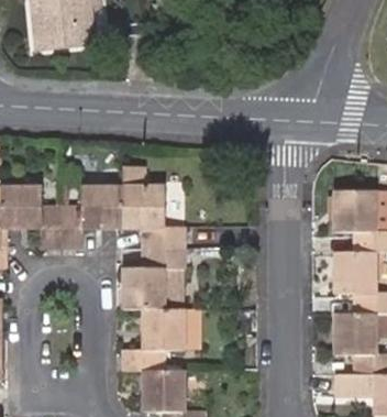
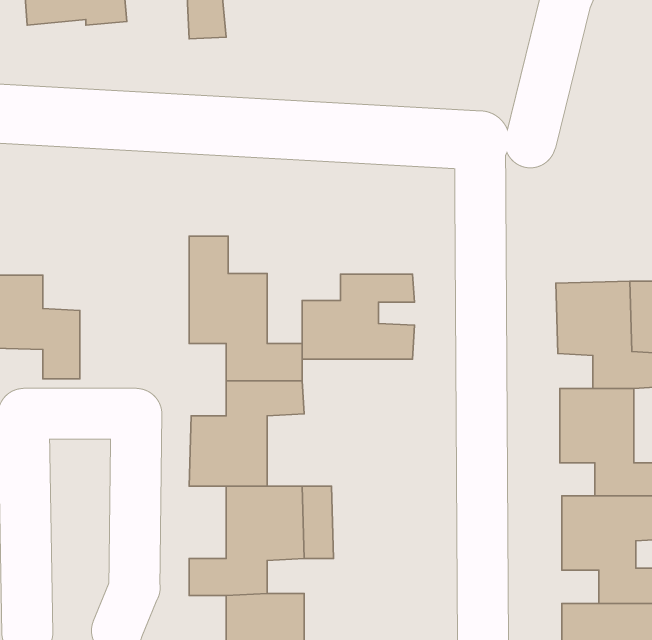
building: [62,188,123,248] -> none
building: none -> [302,274,415,359]

